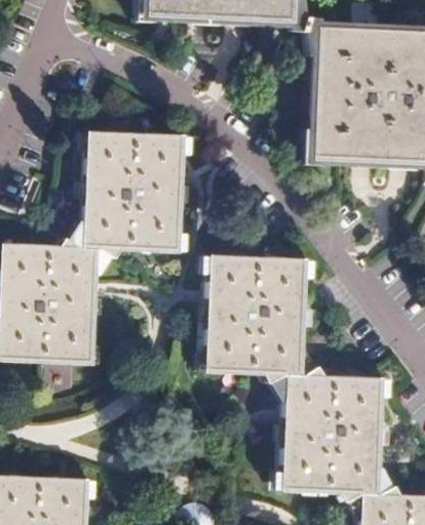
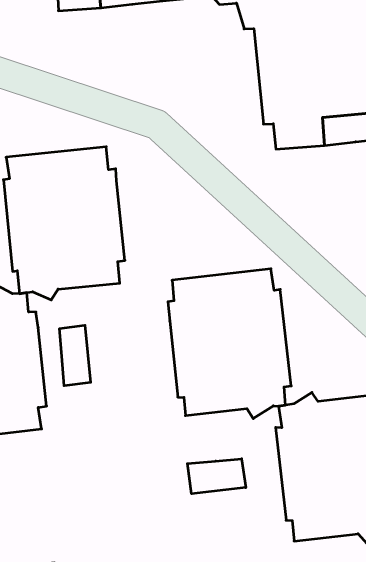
building: none -> [60,325,91,386]
building: none -> [187,459,246,494]

